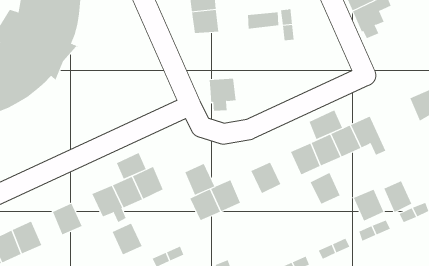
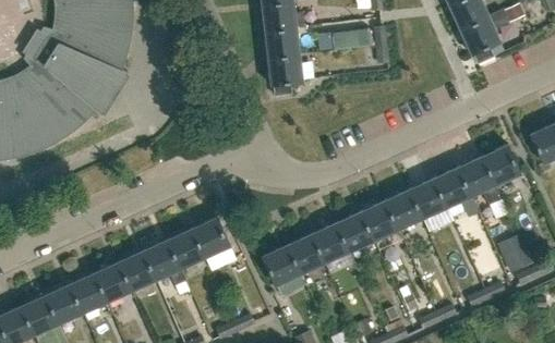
building: [209,78,237,111] -> [268,54,302,95]
building: none -> [482,145,520,185]
building: [309,109,343,140] -> none
building: [116,152,147,179] -> none
building: [185,163,215,195] -> [313,223,350,262]
building: [310,172,341,205] -> [361,200,398,240]
building: [353,189,384,222] -> none
building: none -> [71,273,108,314]
building: [112,223,142,255] -> [120,252,157,291]

